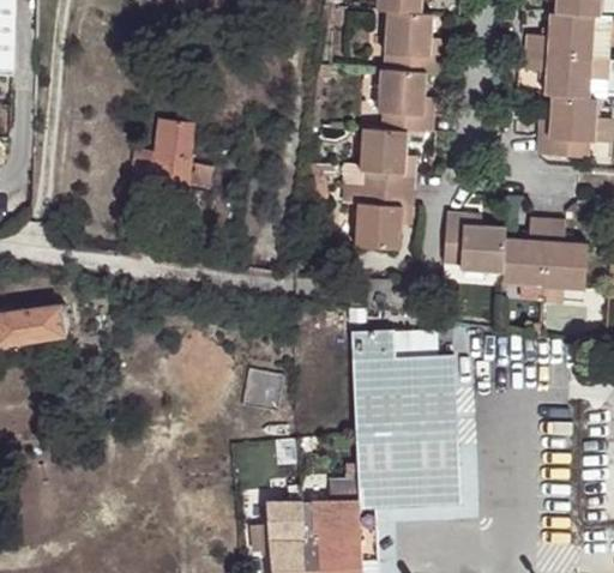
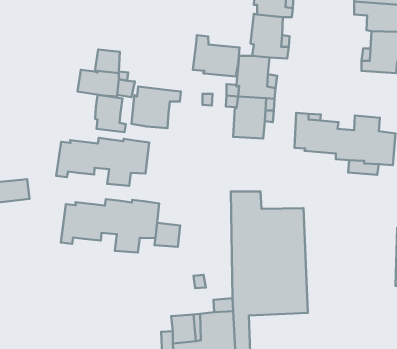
building: none -> [193,35,240,76]
building: none -> [132,87,181,128]
building: none -> [95,95,126,132]
building: none -> [56,138,149,186]
building: none -> [61,199,159,253]

